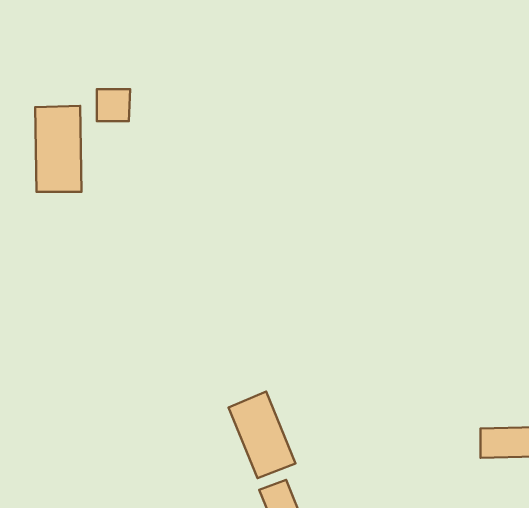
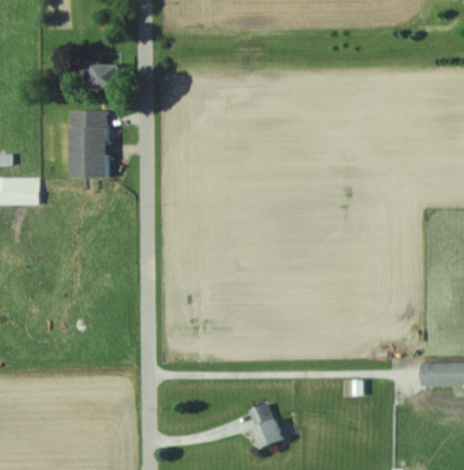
building: [97,89,130,121] -> [91,64,117,89]
building: [229,391,295,478] -> none

